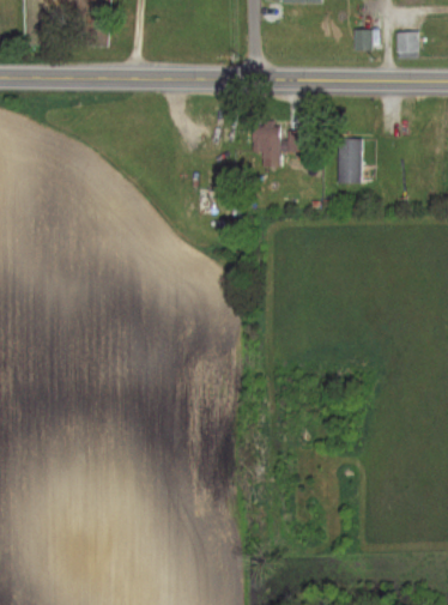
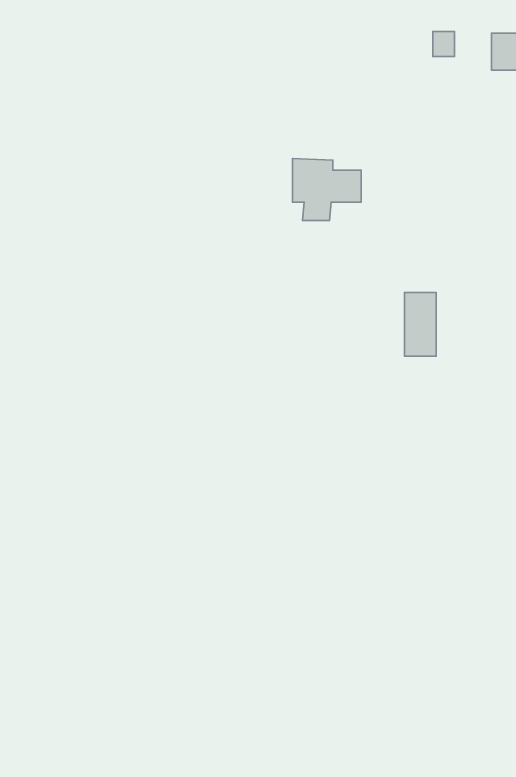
building: [339,138,362,183] -> [404,293,436,356]

